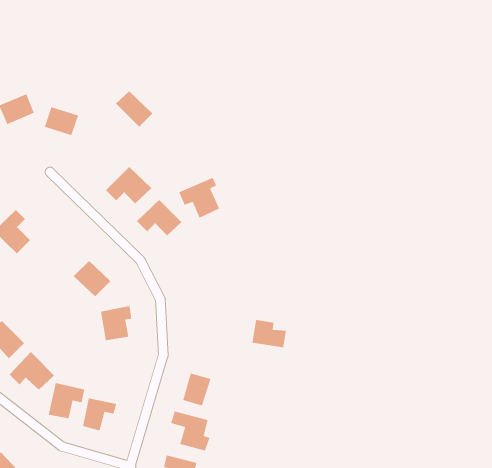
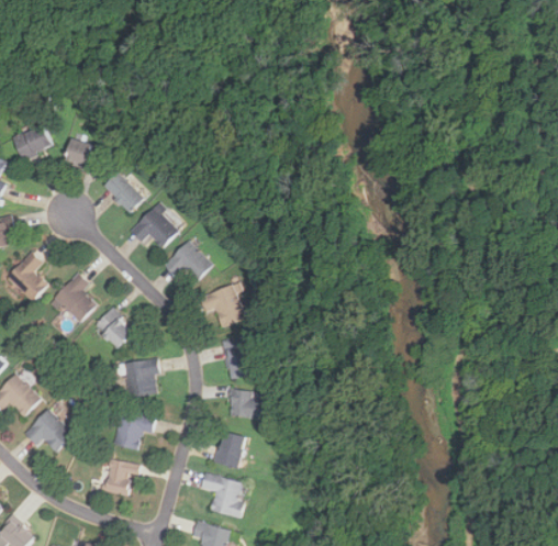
building: [115,90,153,127] -> [102,171,144,212]
building: [178,177,220,219] -> [199,281,245,327]
building: none -> [53,272,96,323]
building: none -> [222,336,253,378]
building: [252,319,287,348] -> [227,388,266,420]
building: [48,382,85,419] -> [113,409,154,449]

